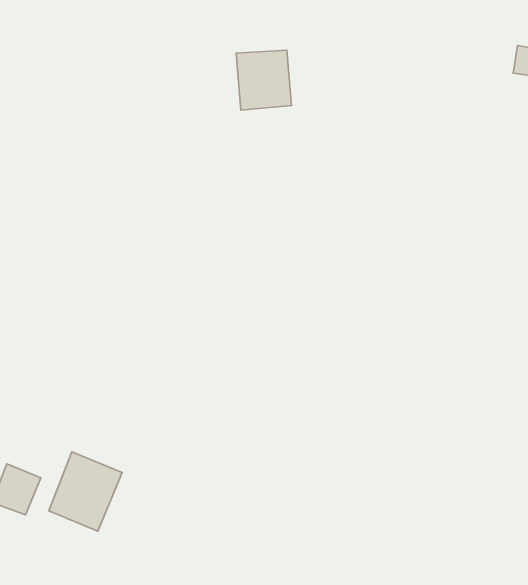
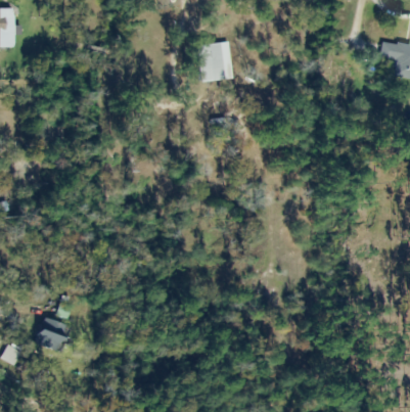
building: [49,452,122,531] -> none

